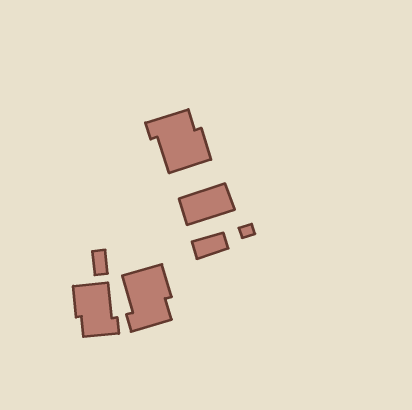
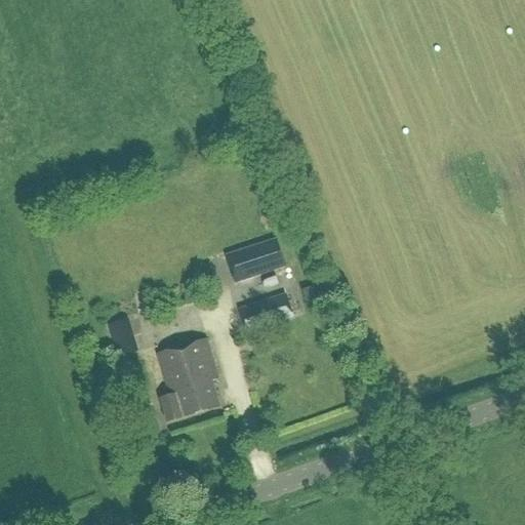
building: [145,109,211,173] -> none
building: [73,283,119,337] -> none

